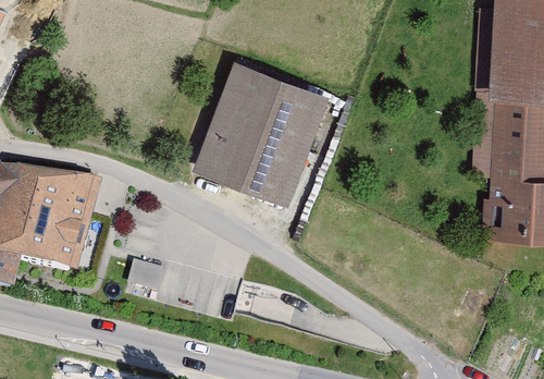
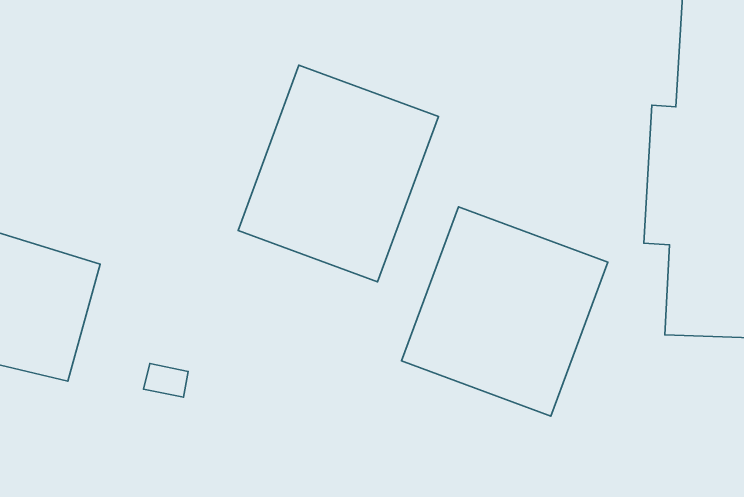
building: none -> [401,207,608,416]

